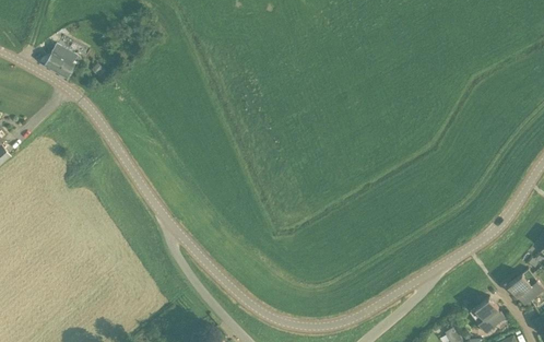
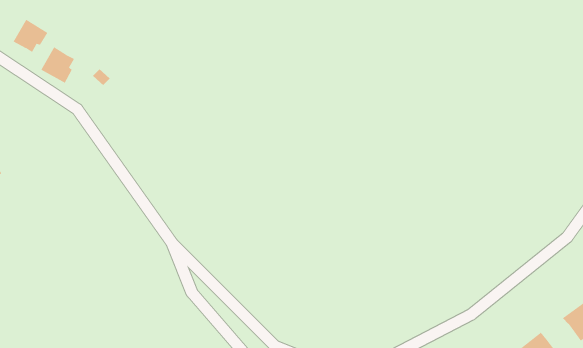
building: none -> [13,19,48,53]

